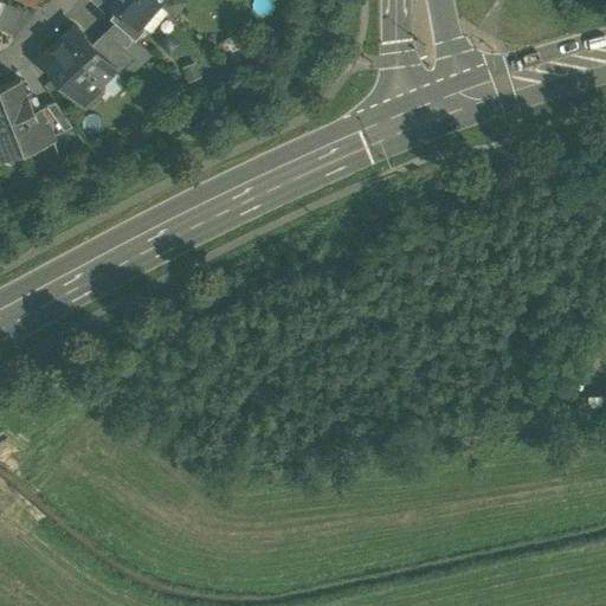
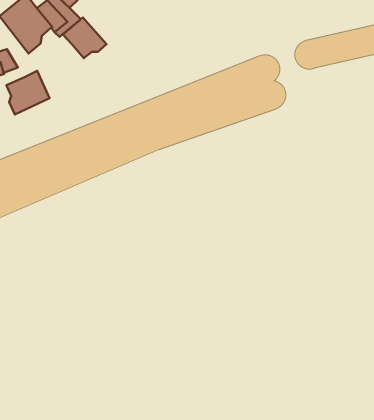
building: none -> [63,18,107,58]
building: none -> [7,71,50,114]

